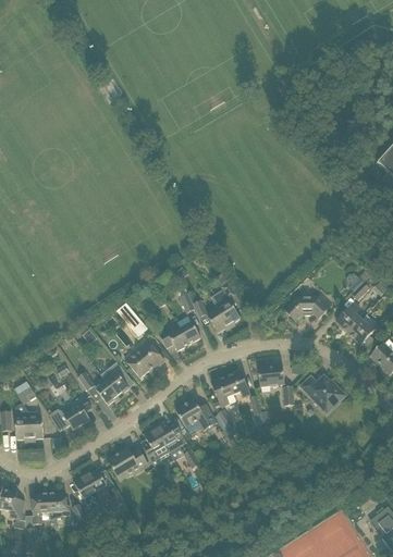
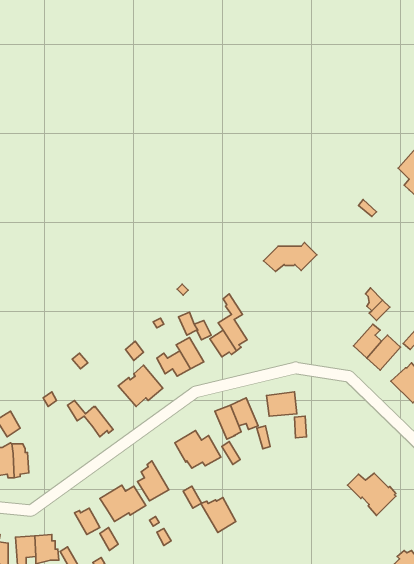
building: [284,294,332,320] -> [264,243,317,272]
building: [103,363,128,398] -> none
building: [300,375,344,413] -> [348,473,396,515]
building: [49,397,91,431] -> none
building: [155,421,186,453] -> [201,497,236,532]
building: [74,473,101,509] -> none

